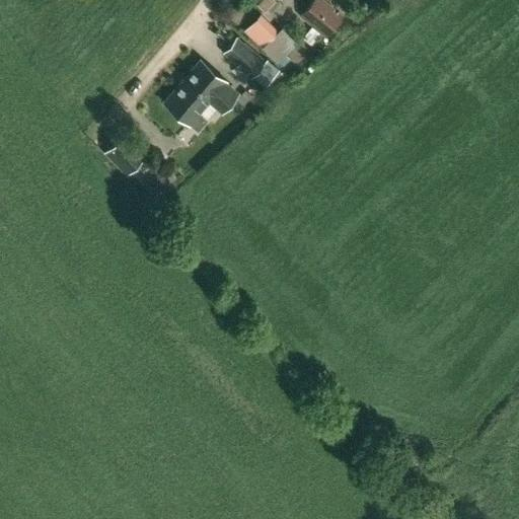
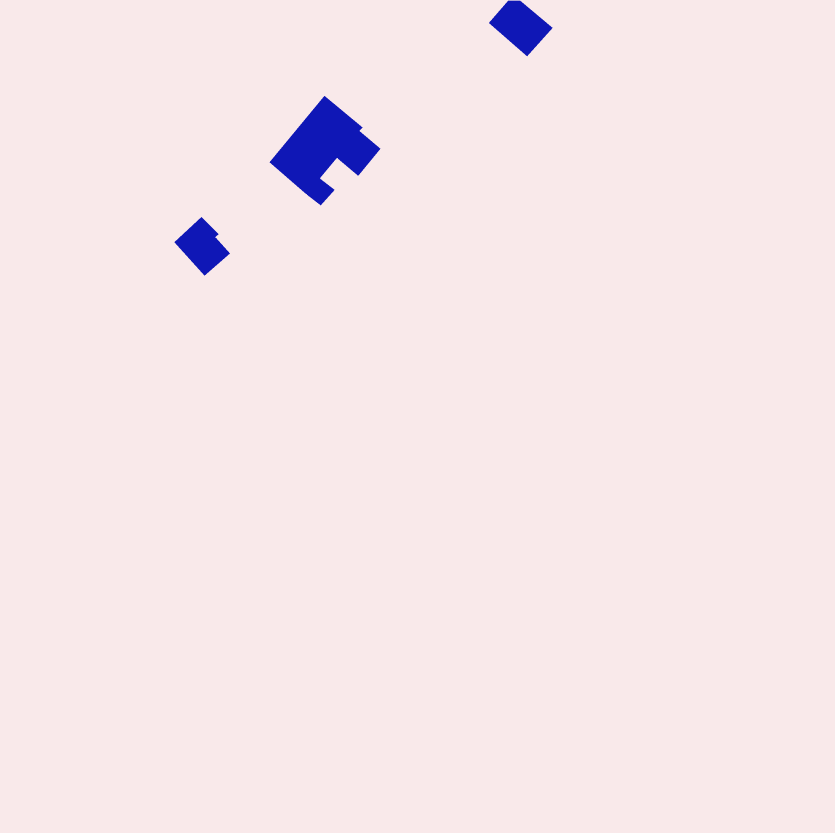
building: [242,20,297,64] -> none
building: [222,38,280,90] -> none

